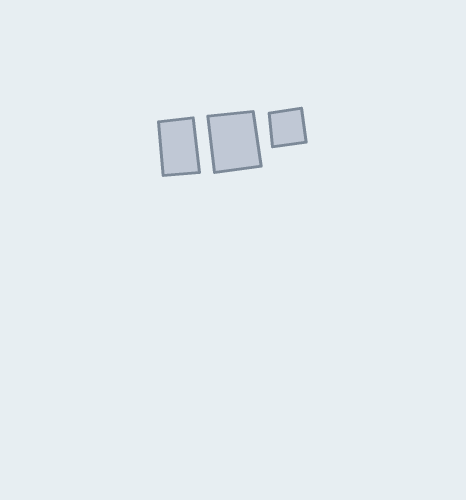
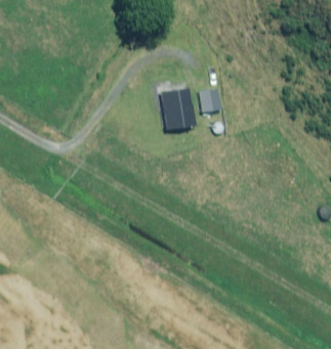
building: [159,118,200,176] -> none

